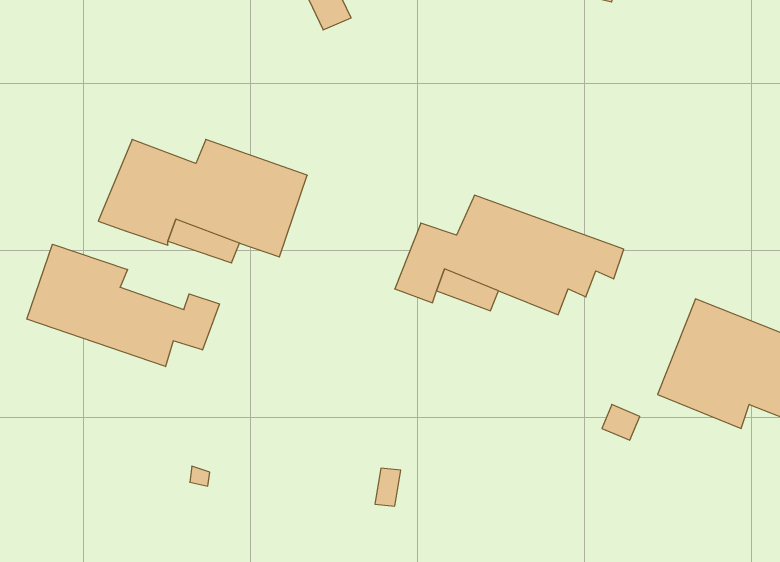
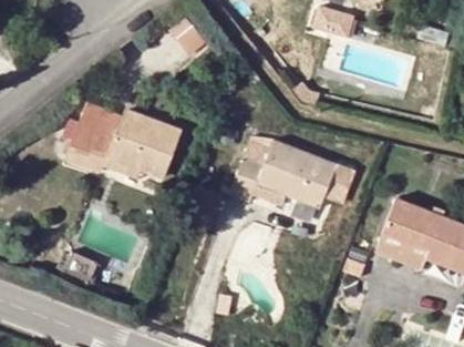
building: [27,244,220,367] -> none

